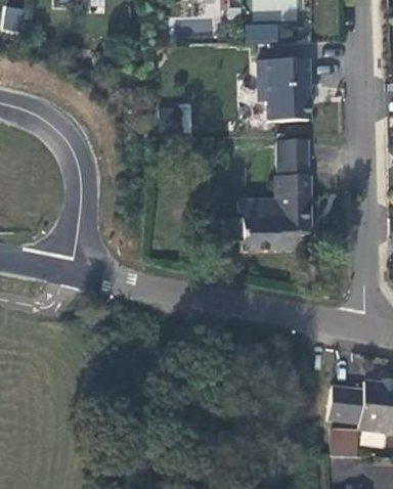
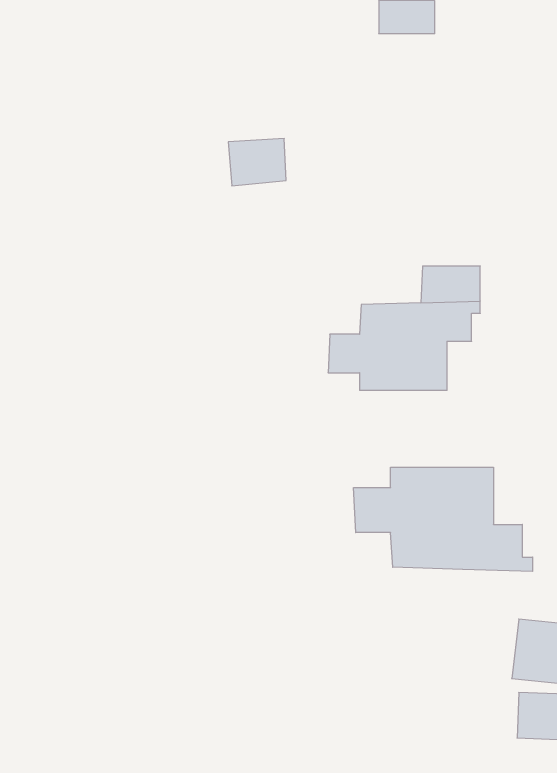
building: [258,59,308,120] -> none
building: [276,139,311,177] -> none
building: none -> [354,467,533,571]

